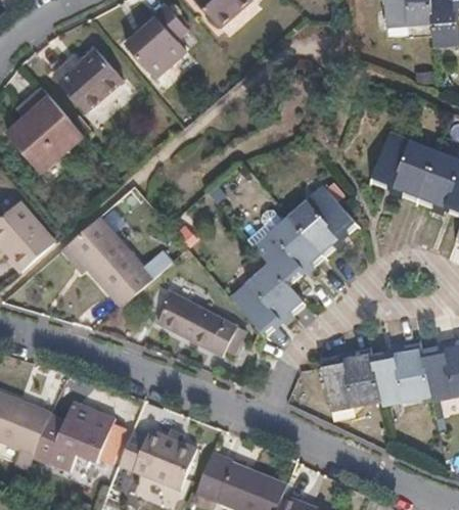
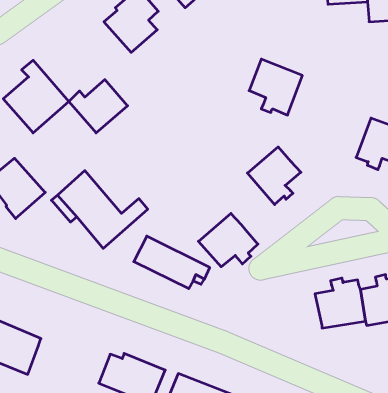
building: [54,50,123,112] -> [69,80,128,133]
building: [373,136,435,201] -> [249,59,302,115]
building: [258,220,323,280] -> none
building: [320,347,378,407] -> none
building: [34,403,113,470] -> none

